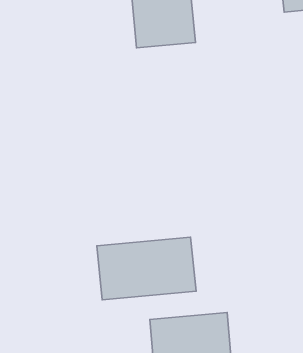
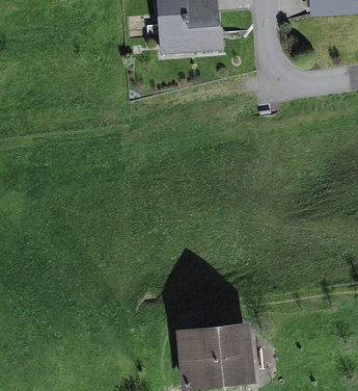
building: [97,237,196,300] -> none

